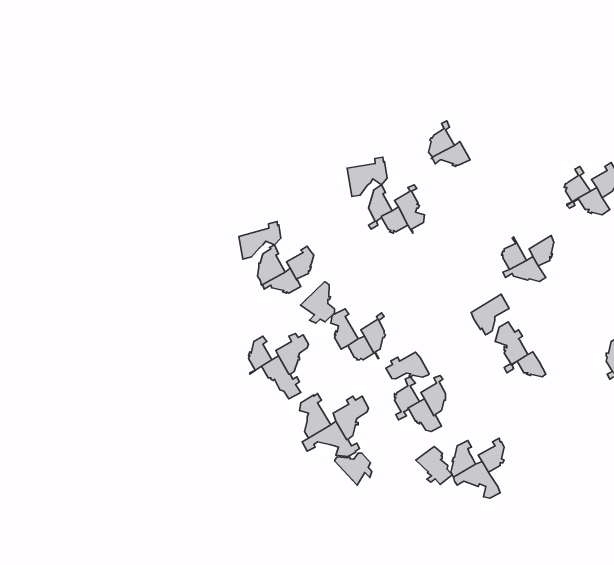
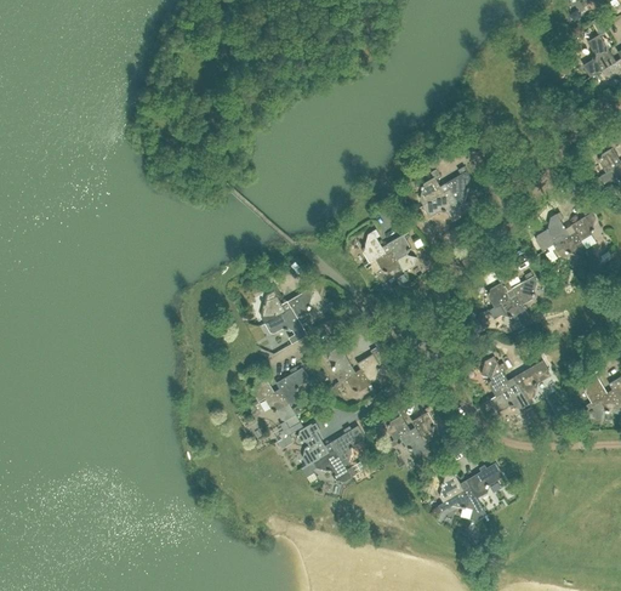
building: none -> [445,167,472,212]
building: [347,157,387,196] -> none
building: [239,221,281,259] -> none
building: [301,282,335,323] -> none
building: [471,294,509,335] -> [514,362,549,399]
building: [386,352,429,379] -> none
building: [416,446,452,484] -> none
building: [335,453,372,485] -> none

